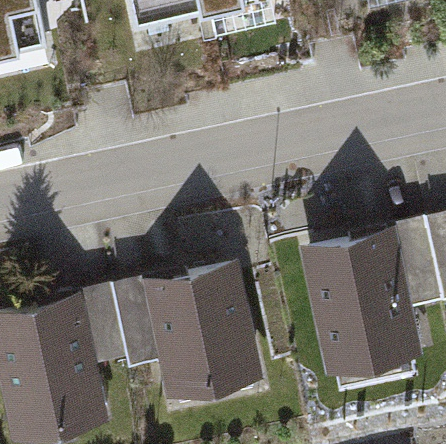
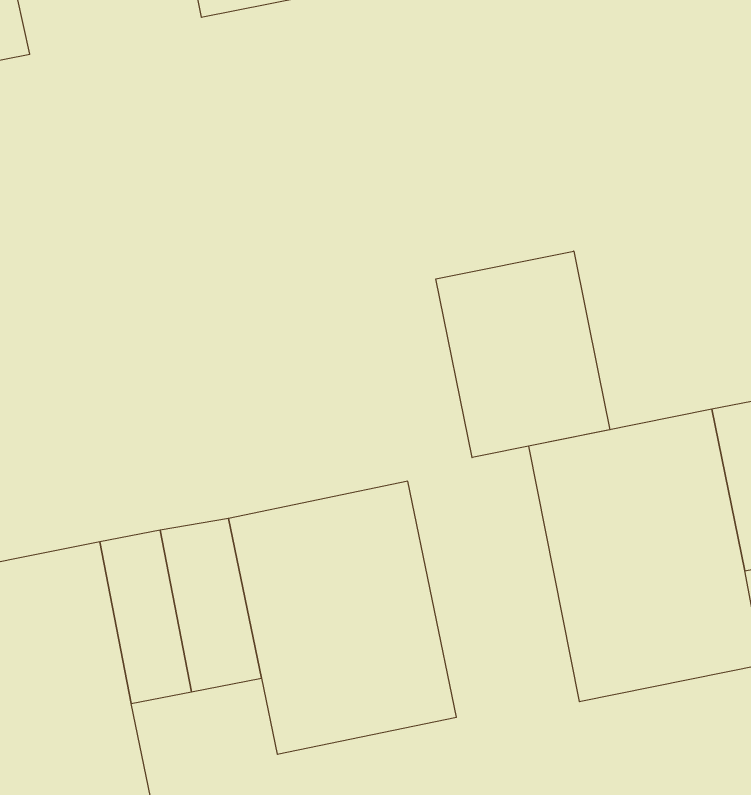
building: none -> [436,251,610,458]

